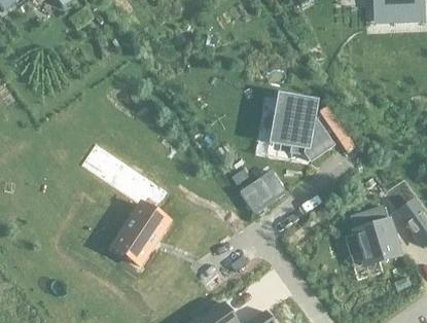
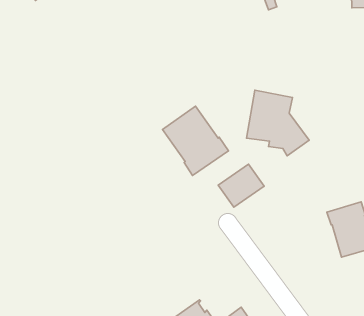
building: none -> [162,106,228,175]
building: [111,204,168,265] -> none

